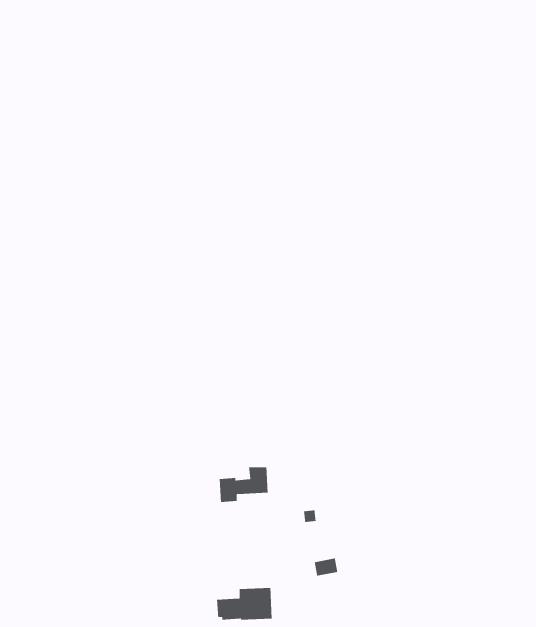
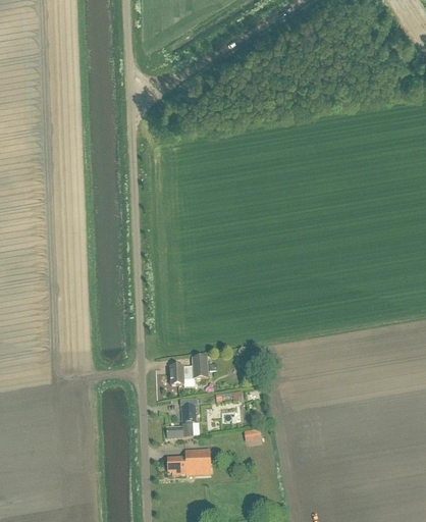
building: none -> [166,398,196,437]

